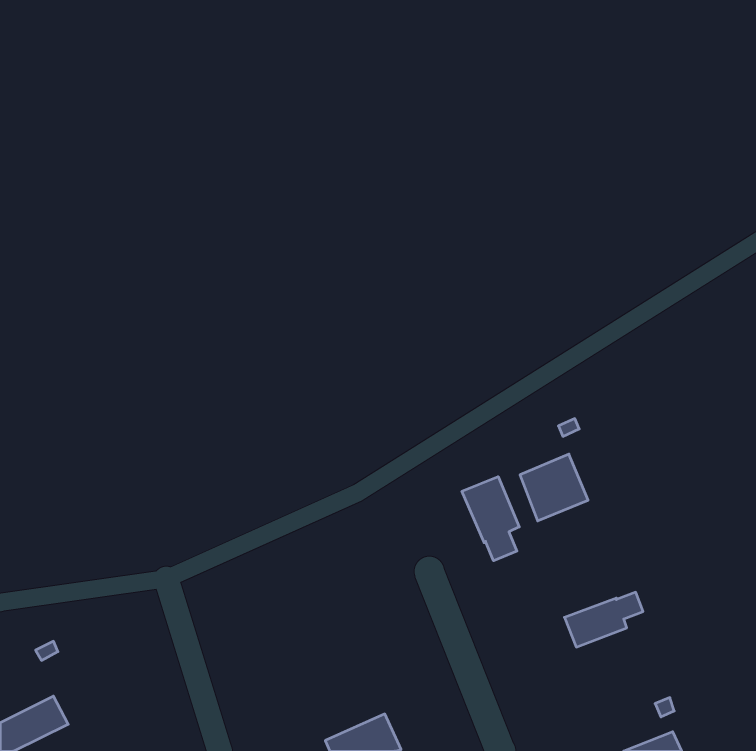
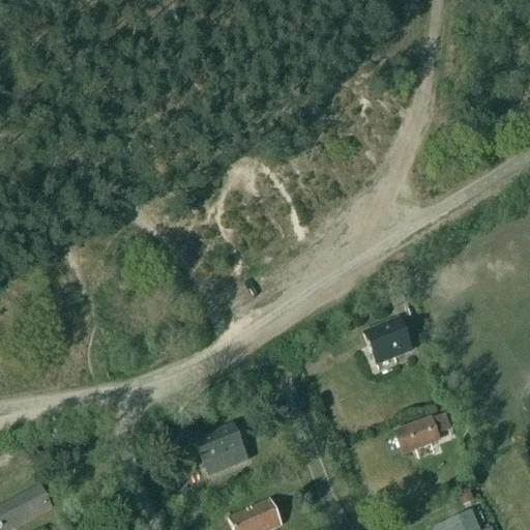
building: [462,477,519,561] -> none
building: none -> [195,423,247,466]

